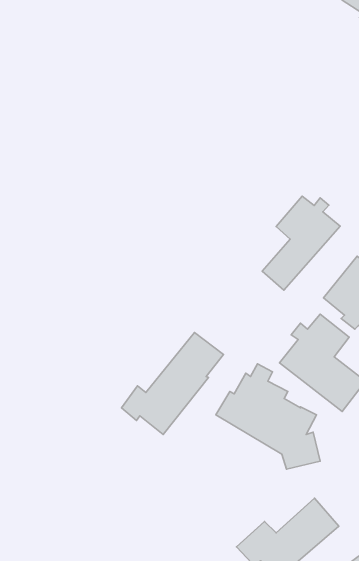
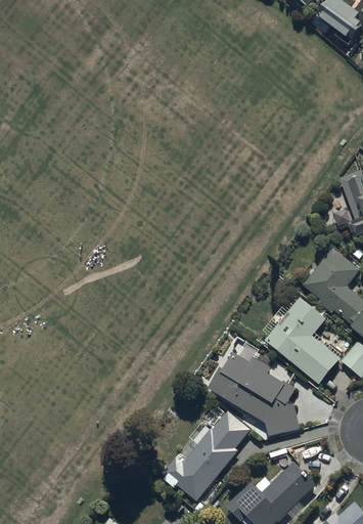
building: [262,196,340,290] -> none
building: [121,332,223,434] -> [162,410,252,500]

